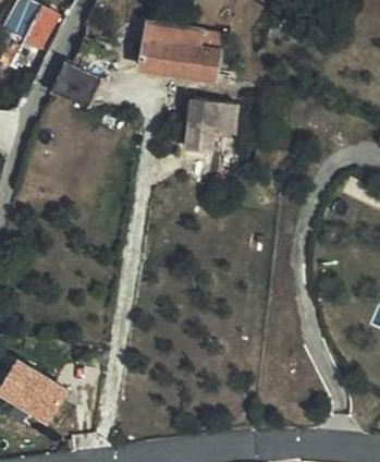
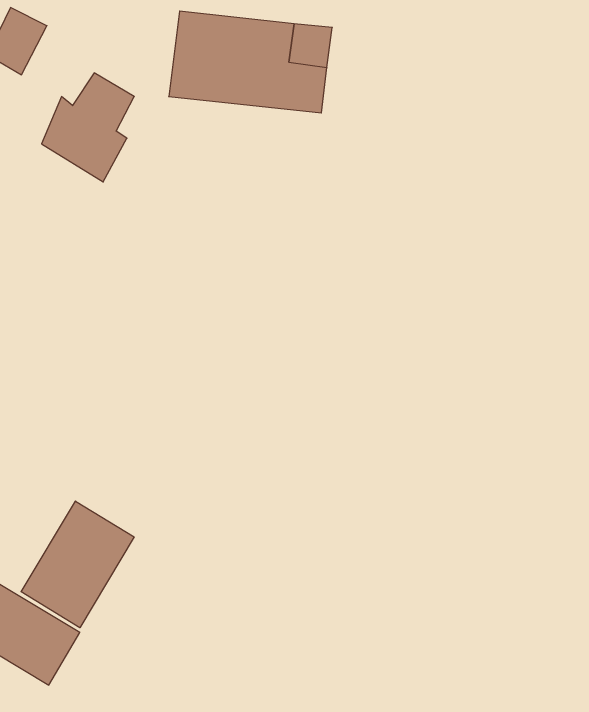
building: [188,99,244,157] -> none
building: none -> [21,501,134,628]

